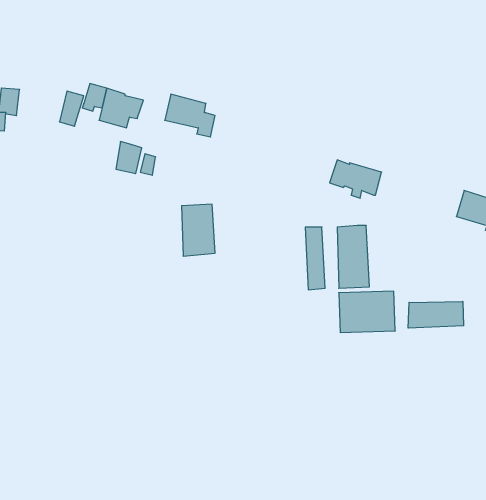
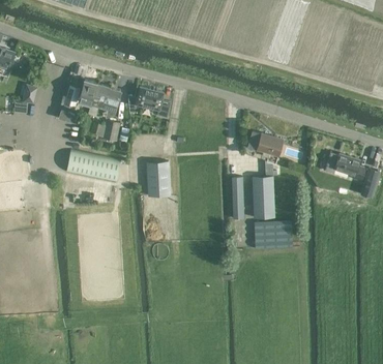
building: none -> [65,149,120,183]
building: [408,301,463,328] -> none

